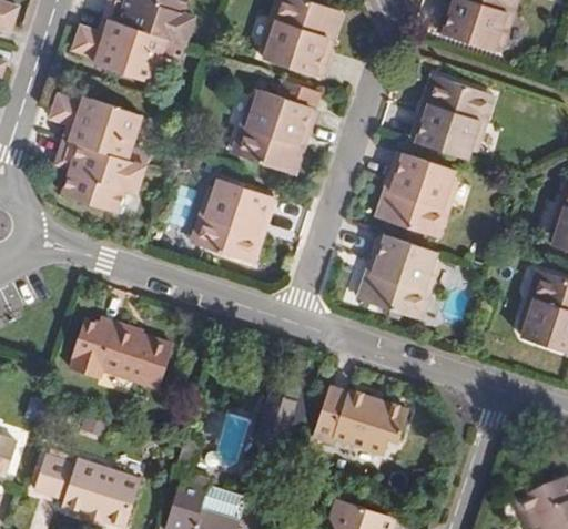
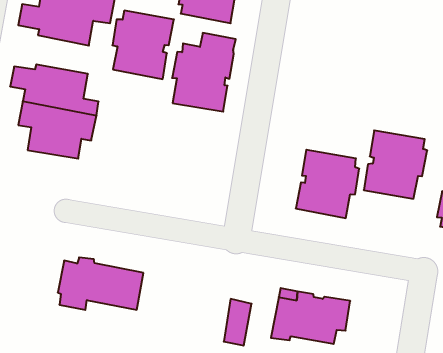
building: [412,72,491,157] -> none
building: [378,149,457,233] -> [364,130,427,199]
building: [195,175,273,260] -> [112,11,174,79]

